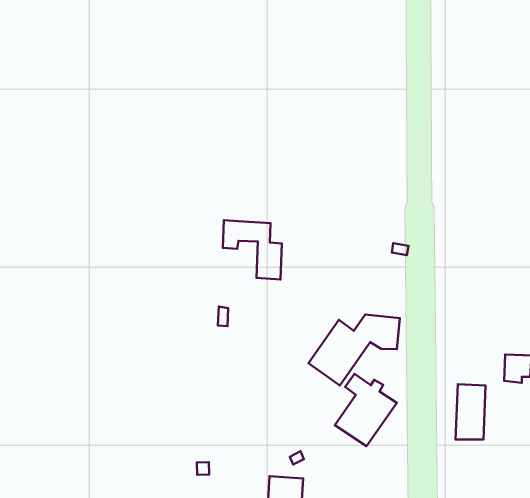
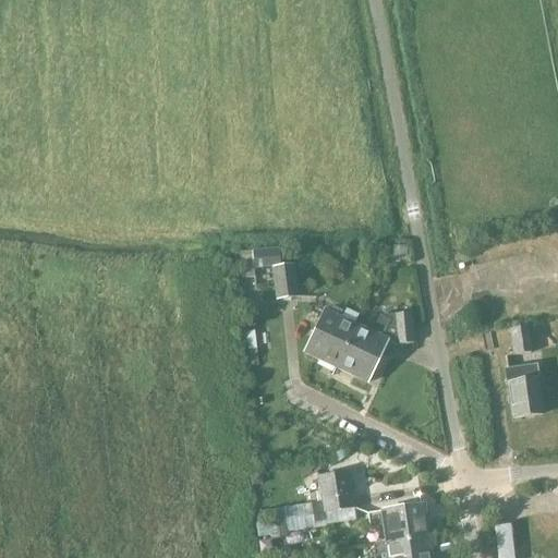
building: [335,374,397,446] -> [305,302,357,365]
building: [456,384,486,440] -> [509,363,541,416]

